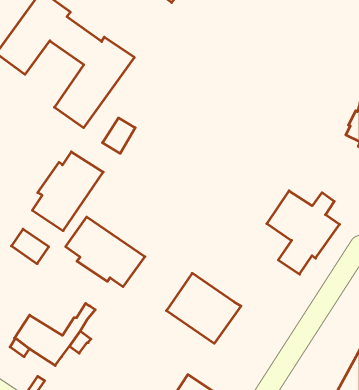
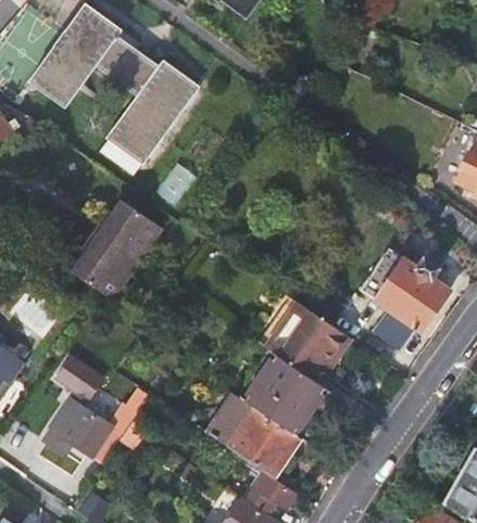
building: [66,217,145,287] -> none
building: [11,229,49,264] -> [57,356,102,398]
building: none -> [267,303,352,384]
building: none -> [208,394,300,477]

